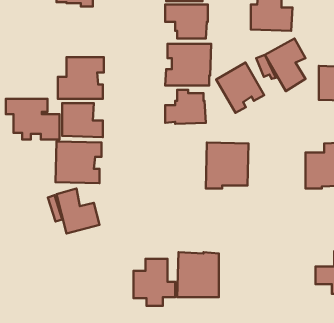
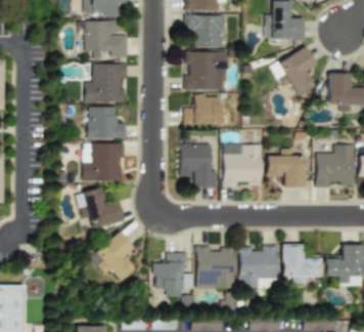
building: [216,63,264,113] -> none
building: [6,99,59,139] -> [78,20,128,58]
building: none -> [180,142,217,188]
building: none -> [265,149,305,188]
building: none -> [95,231,135,283]
building: none -> [281,244,320,283]
building: none -> [238,245,277,288]

